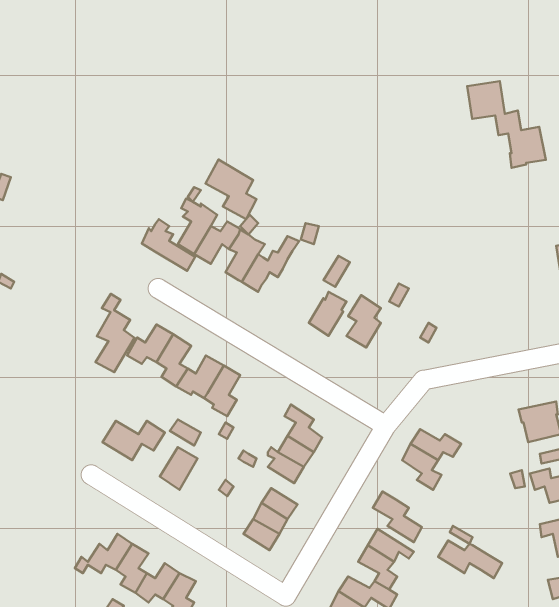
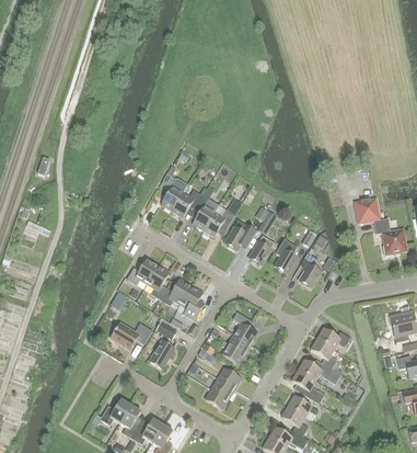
building: [467,81,546,168] -> [355,197,407,256]
building: [205,160,256,219] -> none
building: [142,219,195,271] -> none
building: none -> [224,219,256,250]
building: [96,294,134,372] -> none
building: none -> [298,252,321,287]
building: [438,540,502,578] -> [298,359,340,384]

